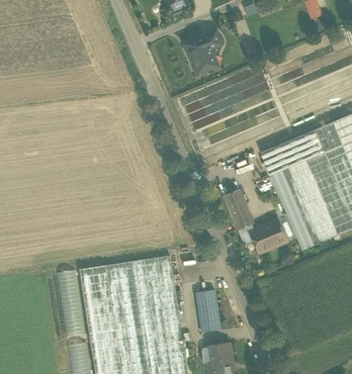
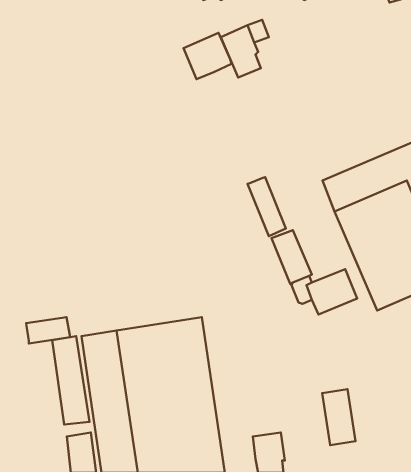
building: none -> [183,33,232,79]
building: none -> [247,177,286,236]
building: none -> [26,317,70,343]
building: [195,289,221,332] -> [322,389,356,445]

